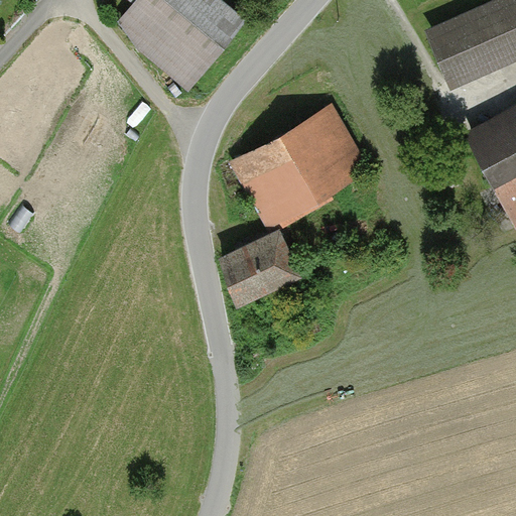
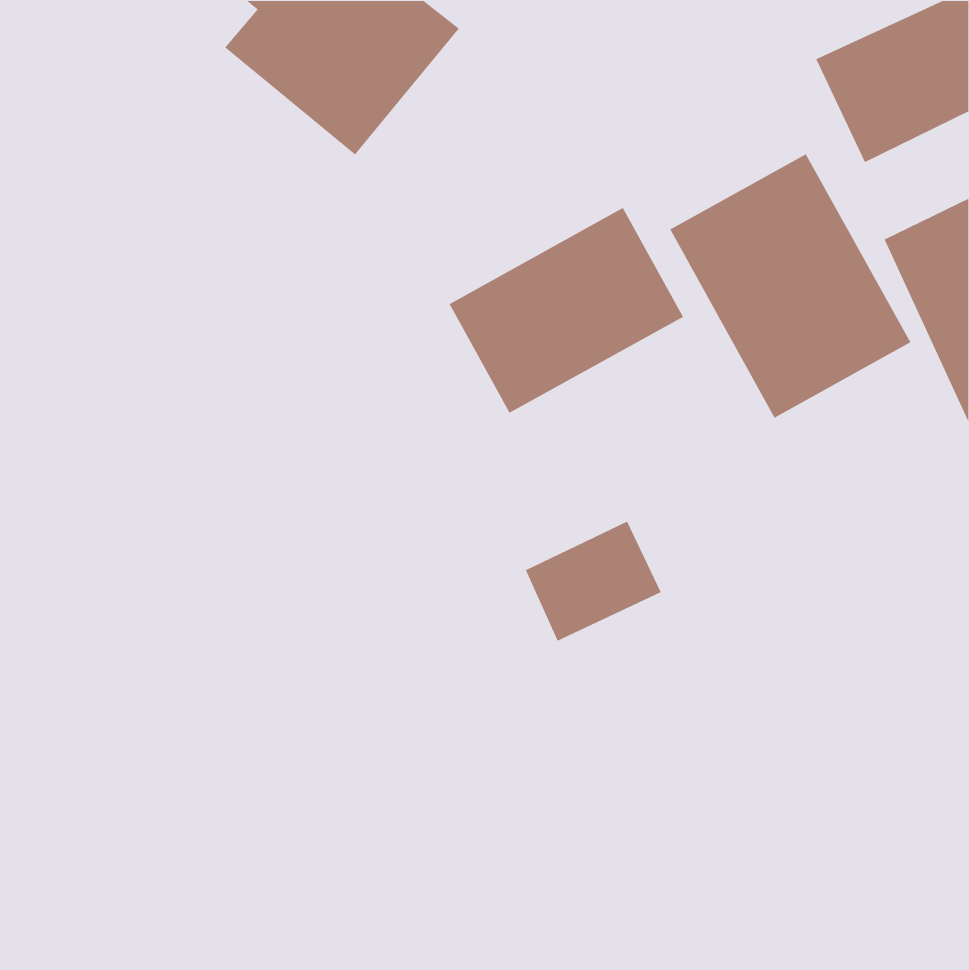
building: none -> [669,153,911,419]
building: [223,233,295,297] -> [525,520,662,642]

